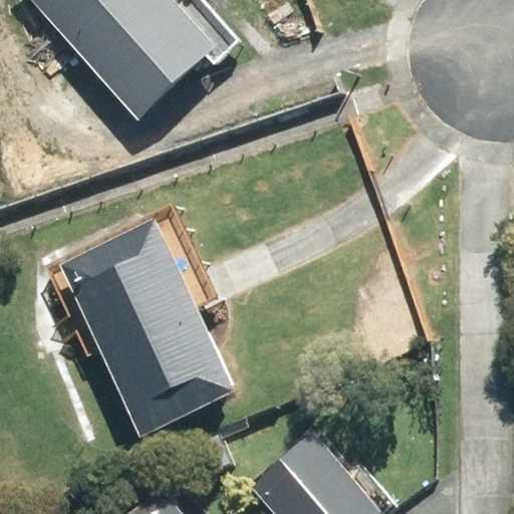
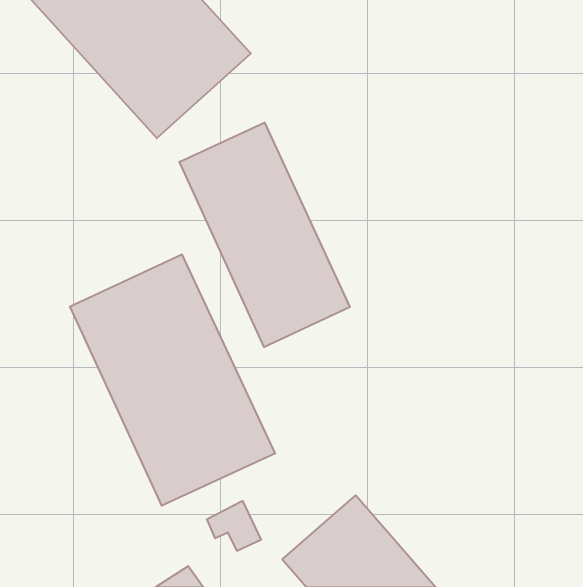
building: none -> [179,123,350,347]

